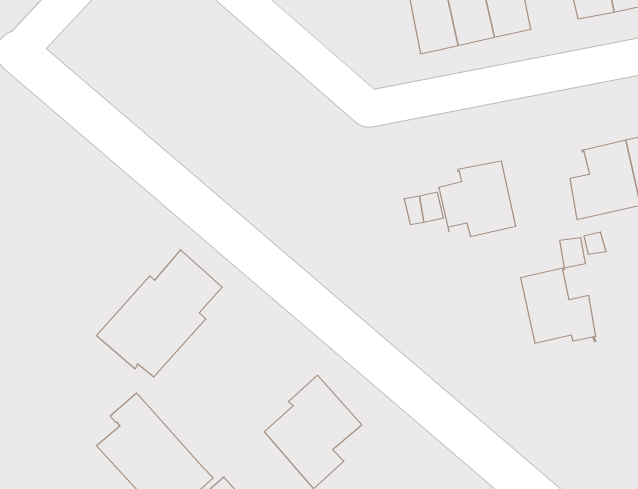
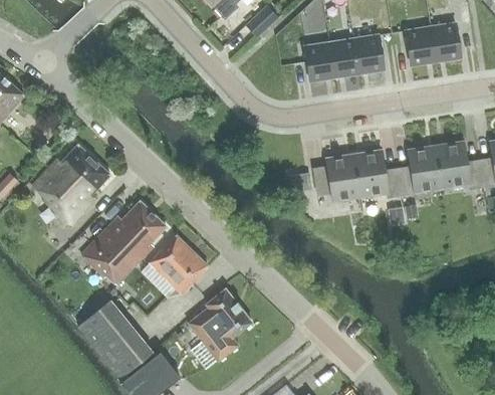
building: none -> [31,145,110,226]
building: [520,268,596,343] -> [353,150,401,199]
building: none -> [150,236,208,294]

